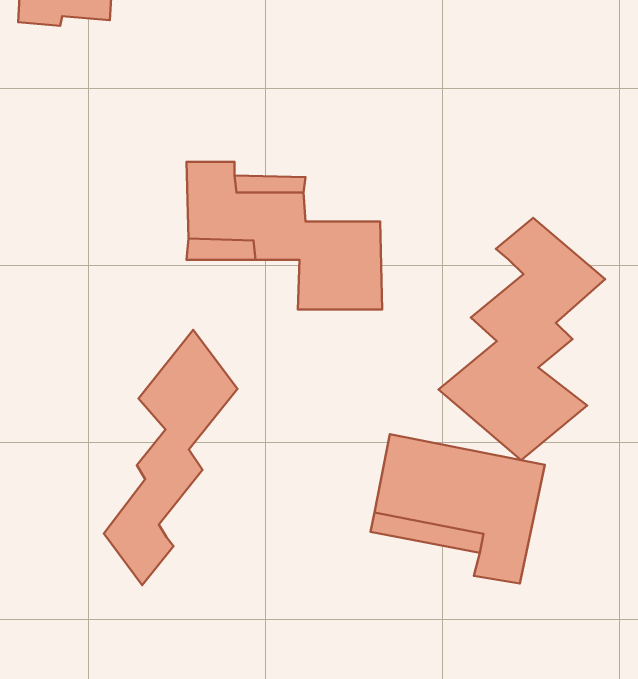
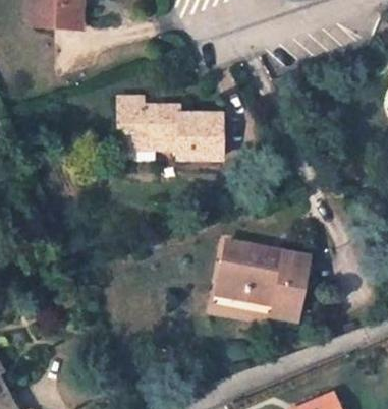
building: [438,218,605,460] -> none
building: [104,330,237,585] -> none

